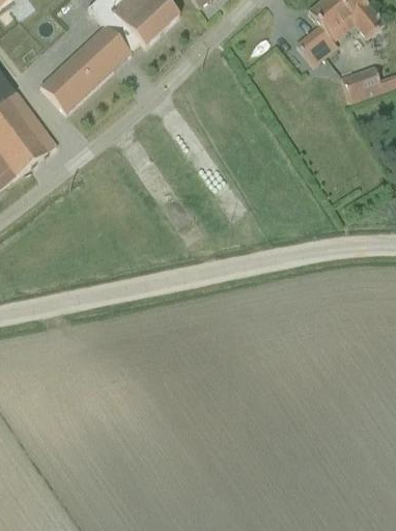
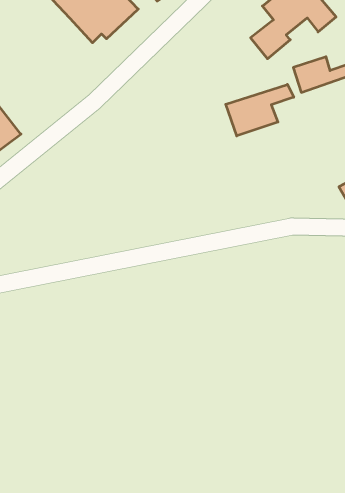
building: [41,23,132,112] -> none
building: none -> [226,84,294,136]

